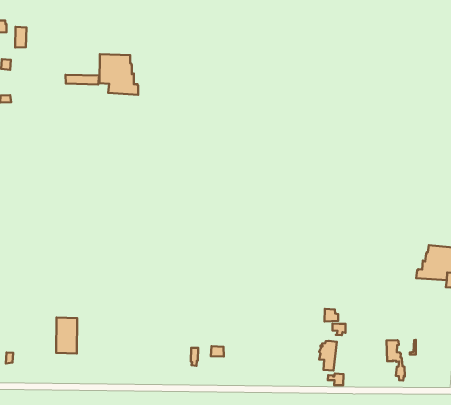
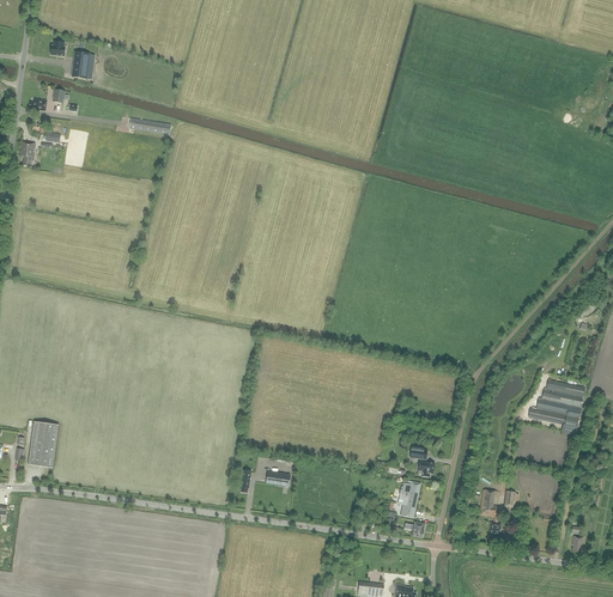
building: [99,54,138,95] -> none
building: [56,318,77,353] -> [26,421,57,468]

